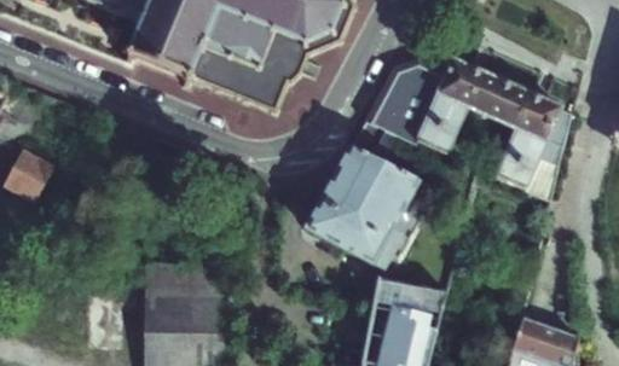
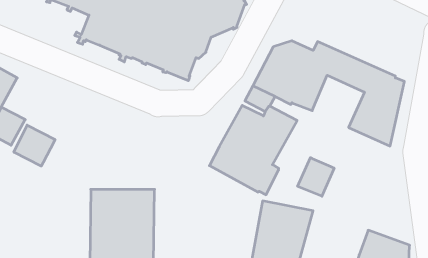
building: none -> [14,125,55,166]
building: none -> [298,158,334,196]

